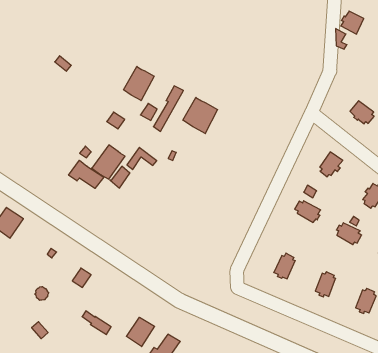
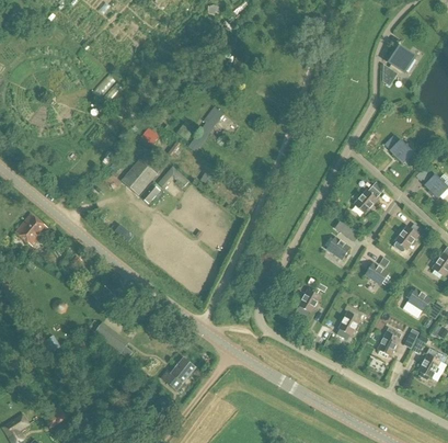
building: [124,66,154,101] -> none
building: [183,97,218,134] -> none
building: [69,160,104,188] -> none
building: [126,317,155,347] -> none

